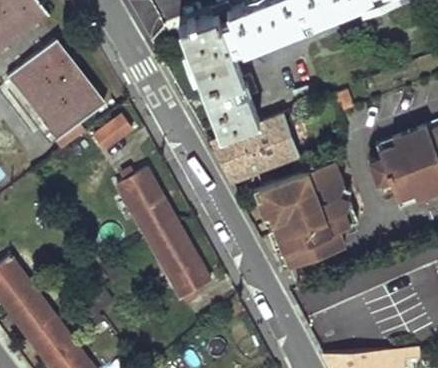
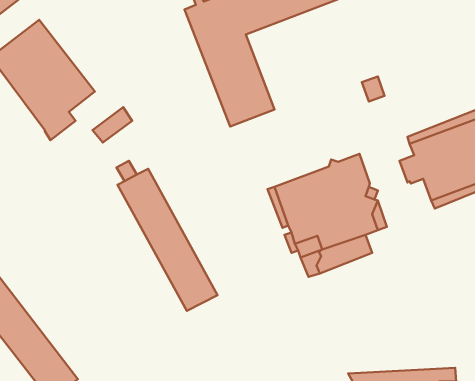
building: [213,114,301,181] -> none

